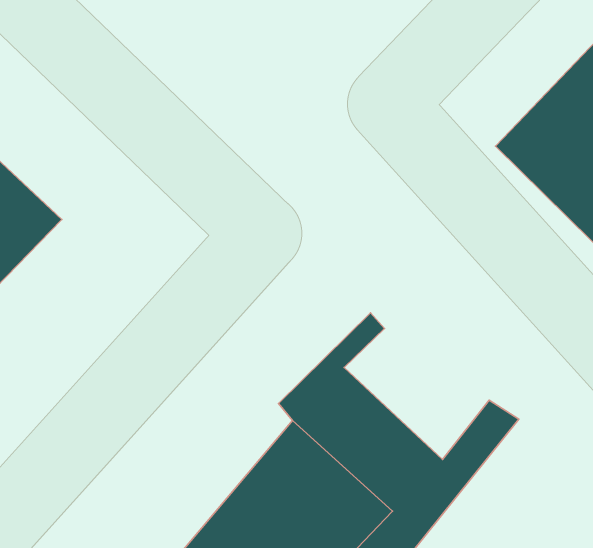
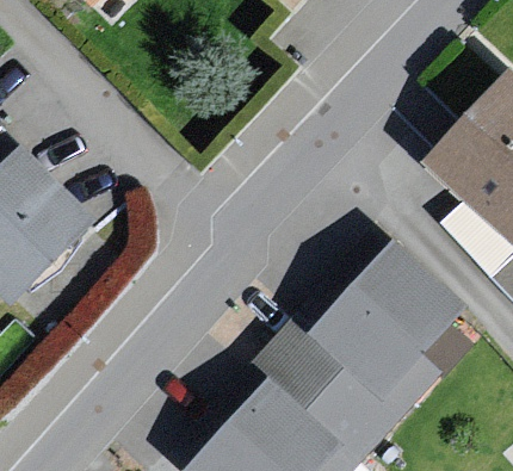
building: none -> [307,244,458,401]

